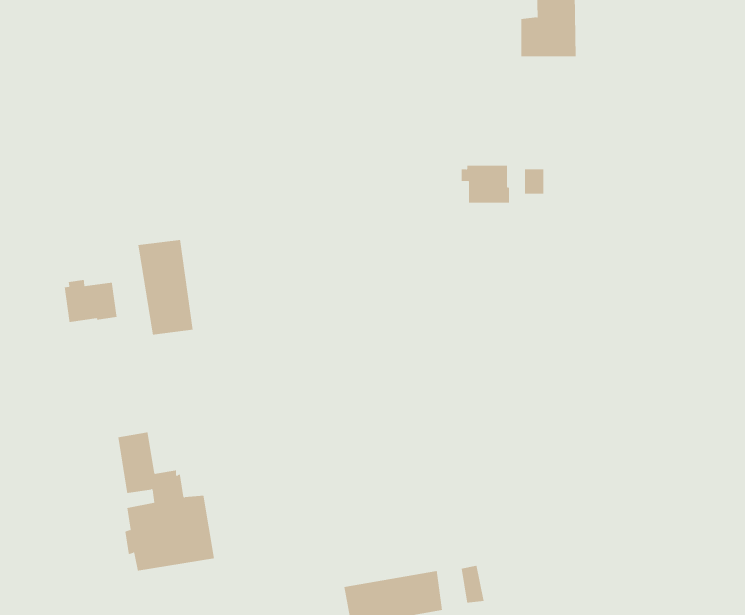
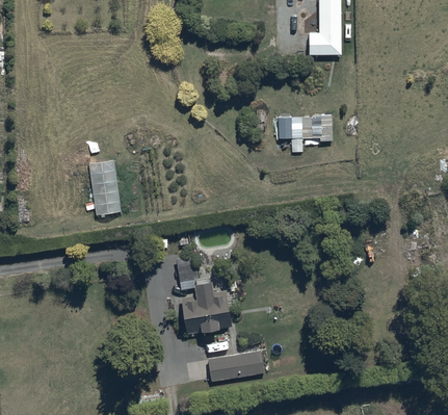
building: [64,279,117,323] -> none
building: [117,432,215,571] -> [176,254,232,334]

